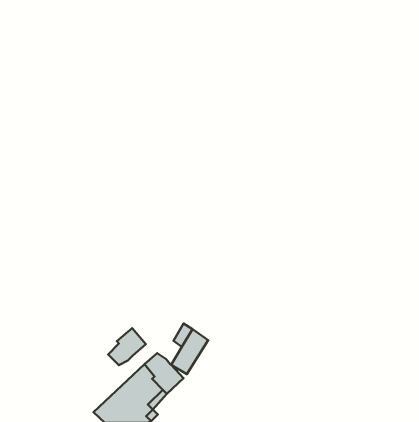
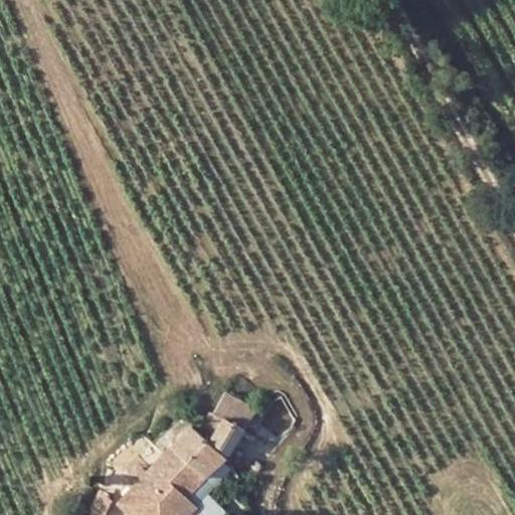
building: [108,328,146,365] -> none

